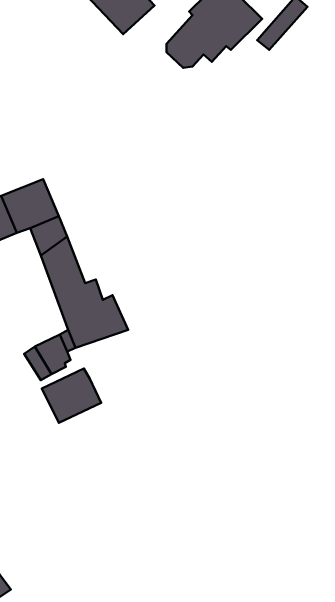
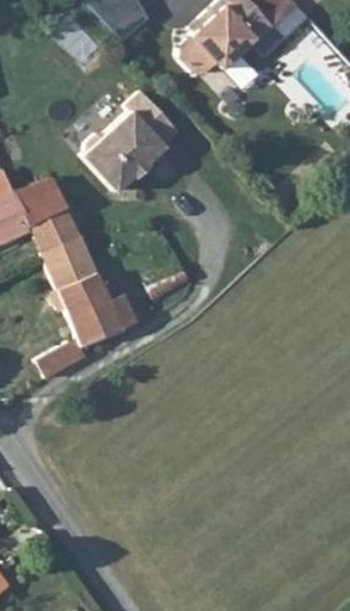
building: none -> [76,93,171,195]
building: [42,369,101,423] -> none

